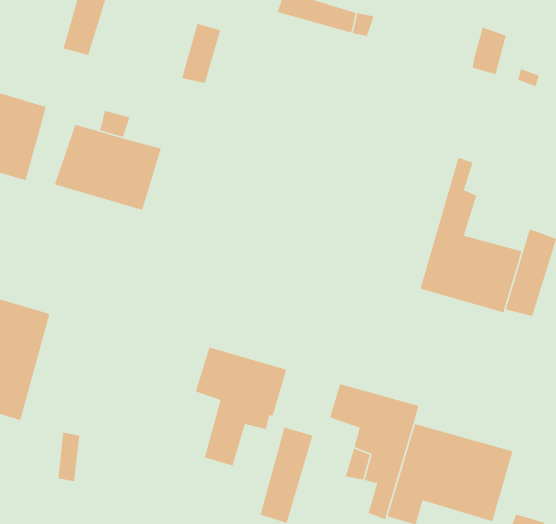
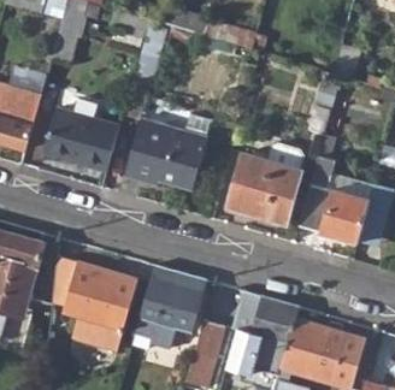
building: none -> [125,120,206,188]
building: none -> [229,153,302,221]
building: none -> [53,255,138,349]

